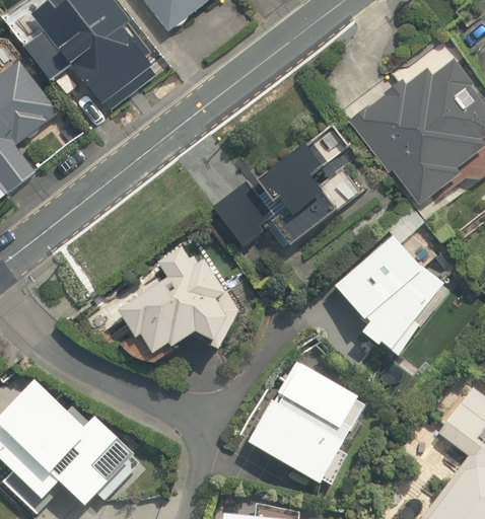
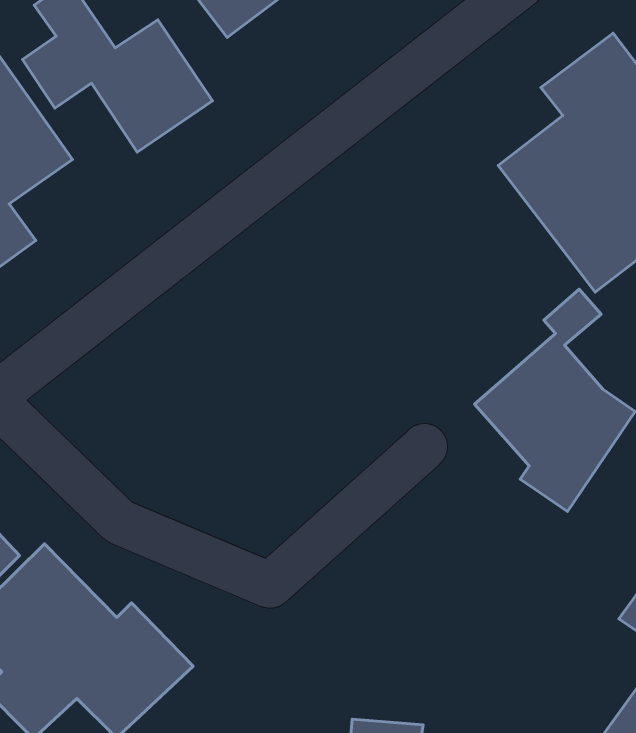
building: [210,141,359,247] -> none
building: [120,238,242,361] -> none
building: [249,363,362,489] -> none

